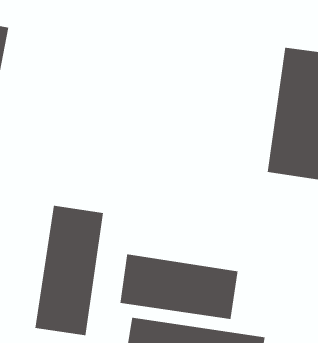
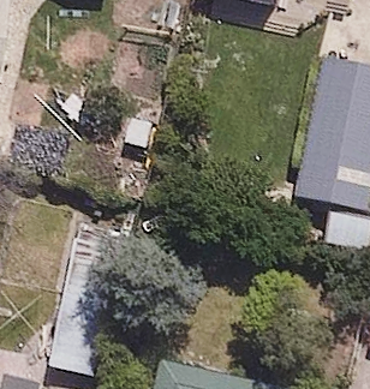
building: [120,254,238,320] -> none

